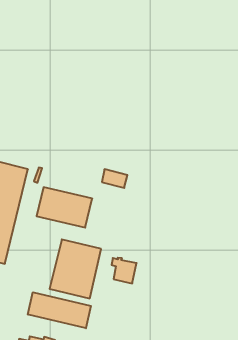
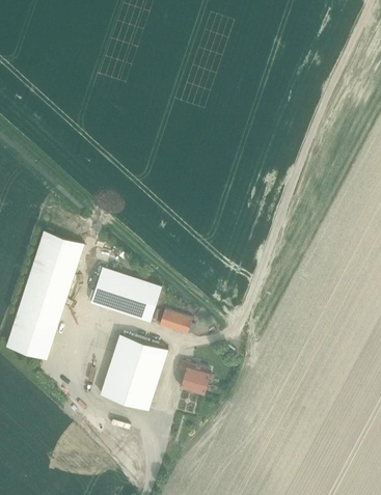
building: [102,169,127,188] -> [159,310,191,335]
building: [28,292,91,328] -> none

